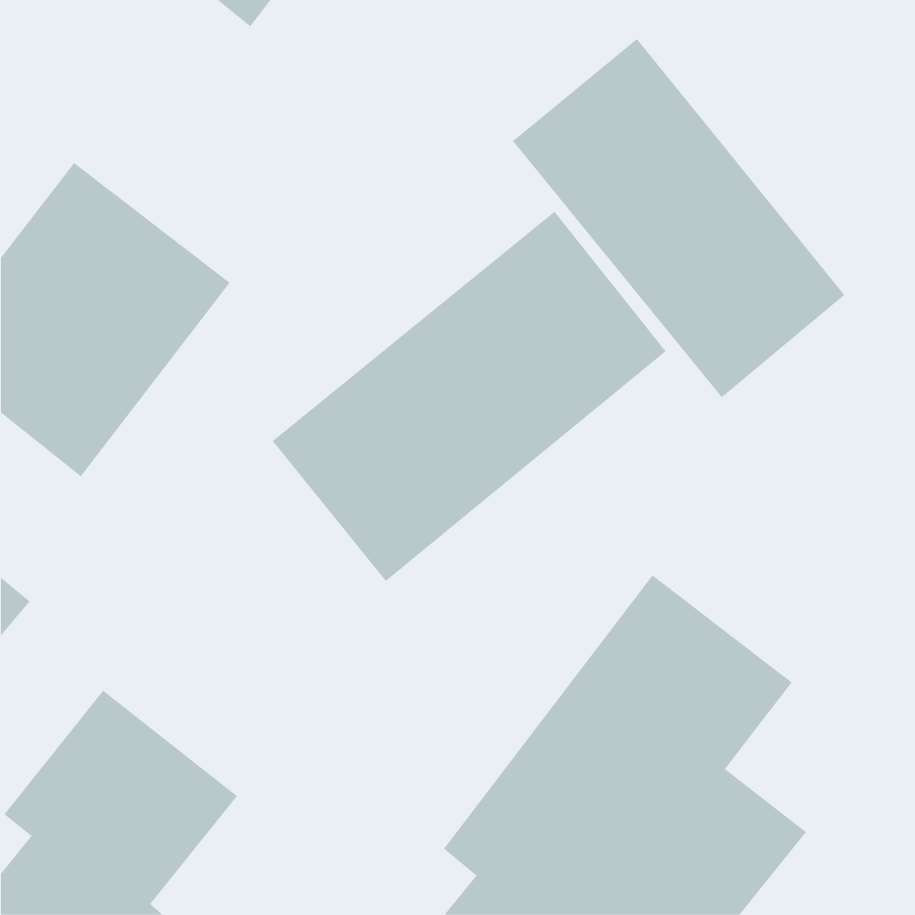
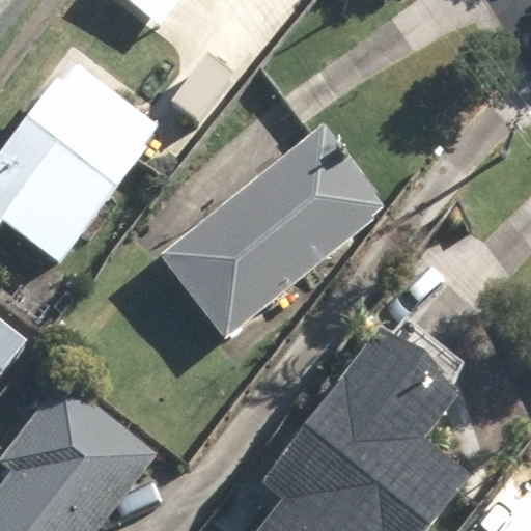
building: [512,38,845,398] -> none

